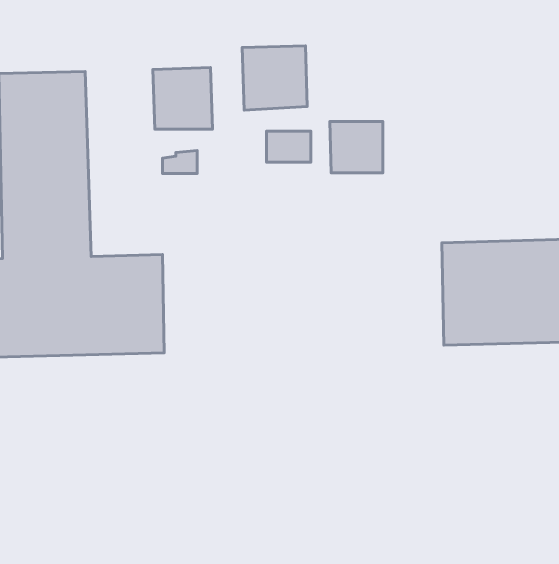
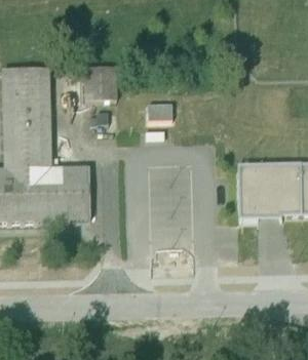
building: [242,46,307,110] -> none
building: [330,121,383,173] -> none

